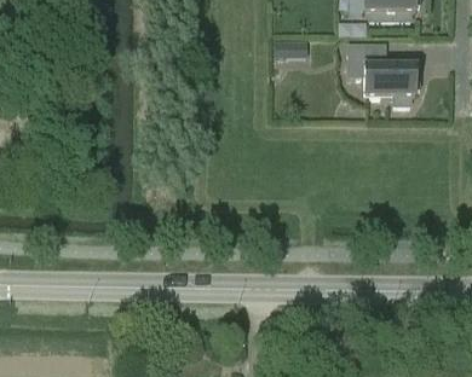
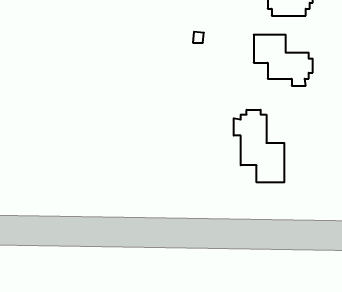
building: none -> [234,110,284,182]

